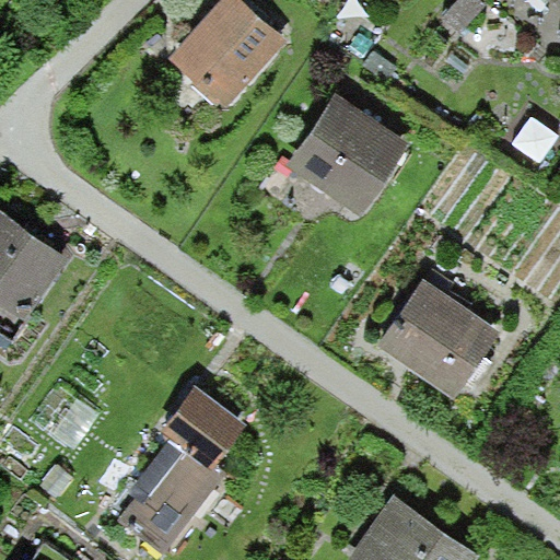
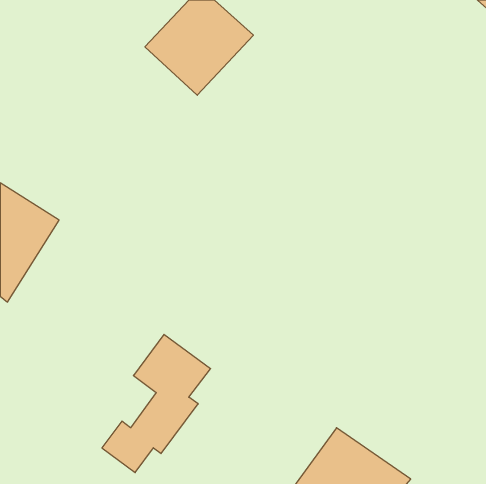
building: [281,91,408,219] -> none
building: [377,282,500,400] -> none

